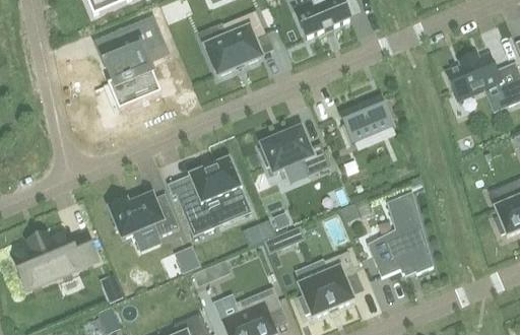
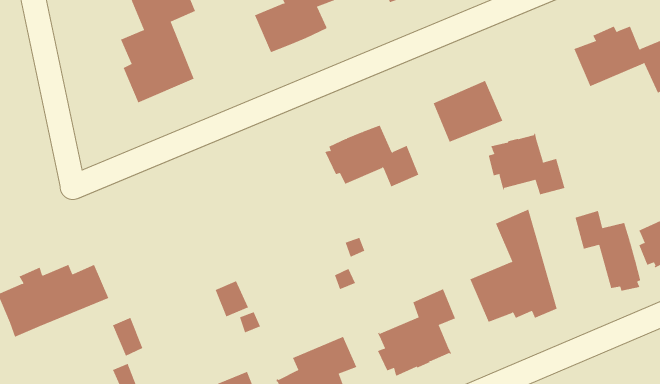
building: none -> [488,133,565,195]
building: [175,157,246,236] -> none
building: none -> [575,210,641,292]
building: [109,194,179,238] -> none

